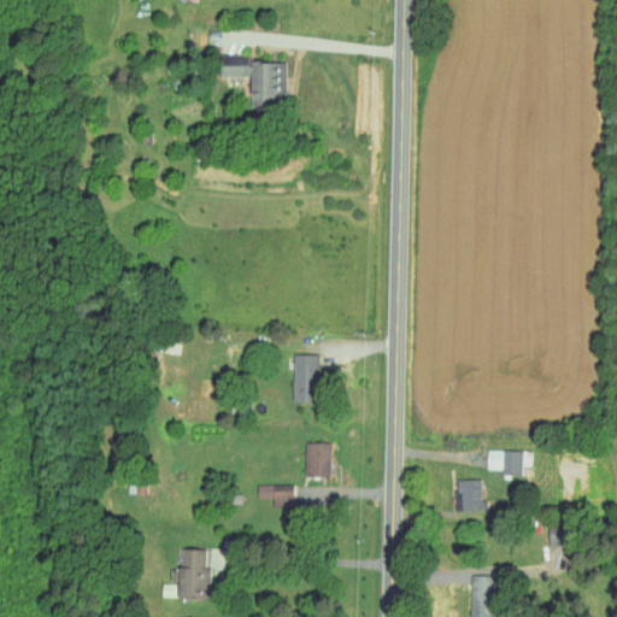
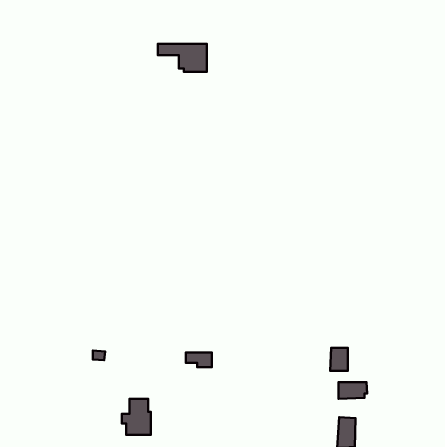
building: [294,354,319,402] -> none
building: [307,443,331,476] -> none
building: [488,451,528,474] -> [338,382,367,399]

